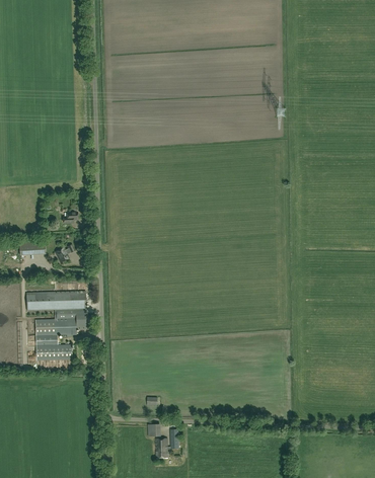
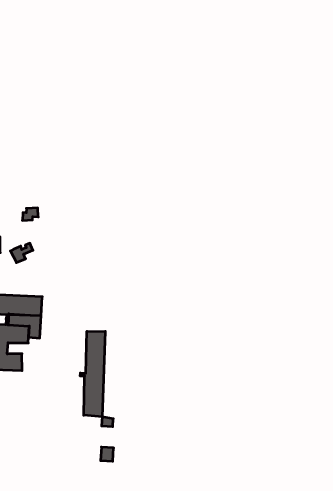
building: none -> [80,331,105,417]
building: [156,428,179,457] -> none

